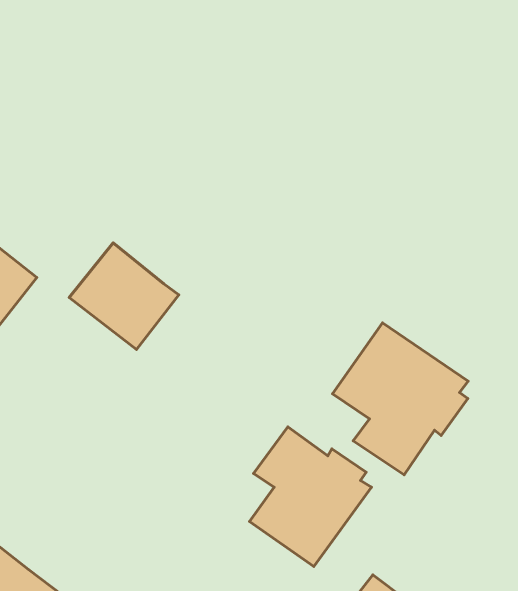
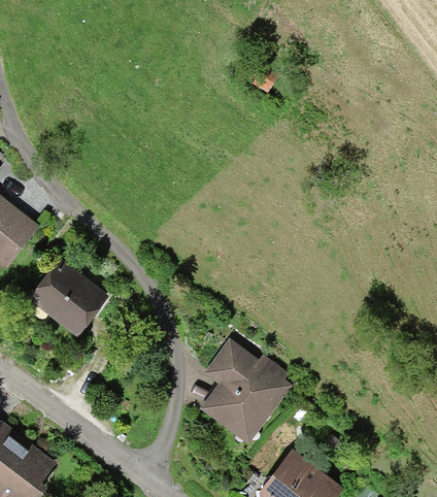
building: [69,243,179,350] -> [27,259,109,339]
building: [333,323,468,475] -> none

